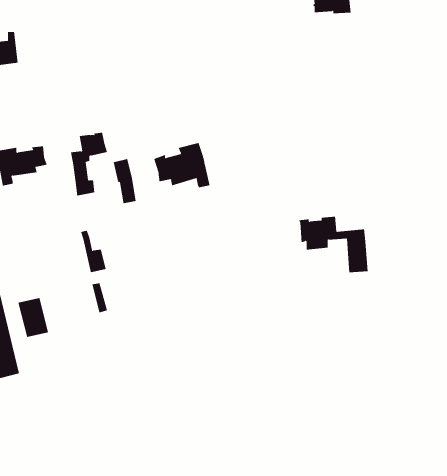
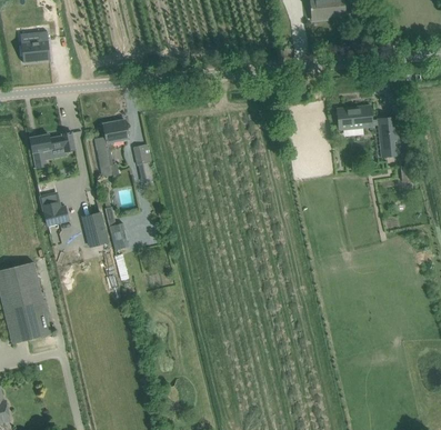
building: [154,142,210,188] -> none
building: none -> [40,192,69,224]
building: [298,216,369,273] -> [337,106,399,156]
building: [18,297,49,338] -> [81,211,109,247]

